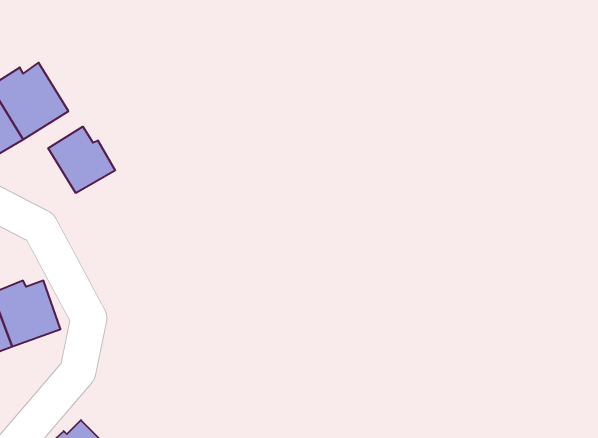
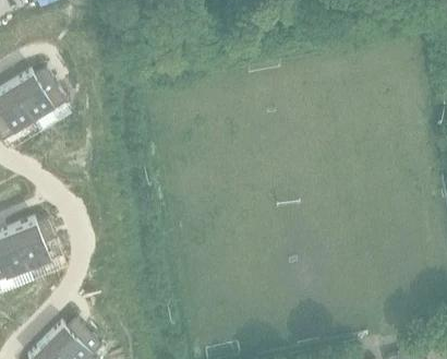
building: [48,127,115,193] -> none

